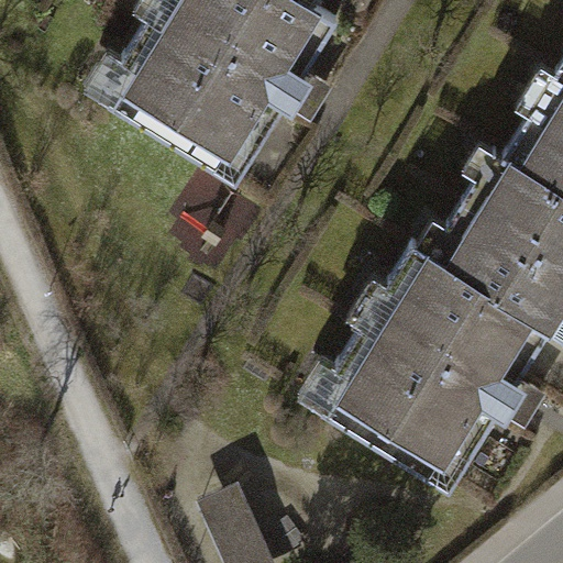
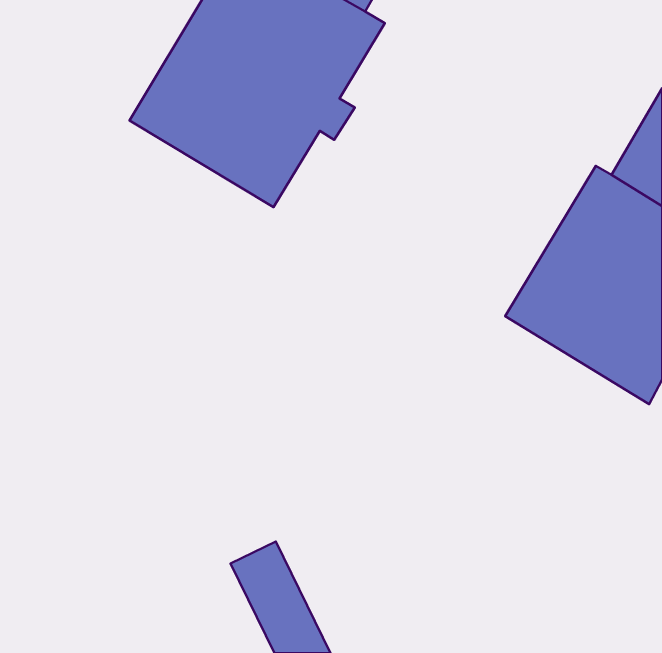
building: [327,261,537,478] -> none

